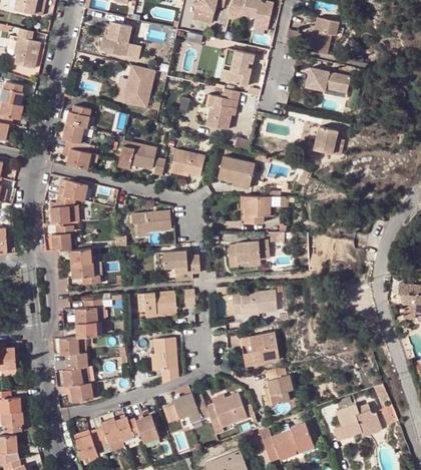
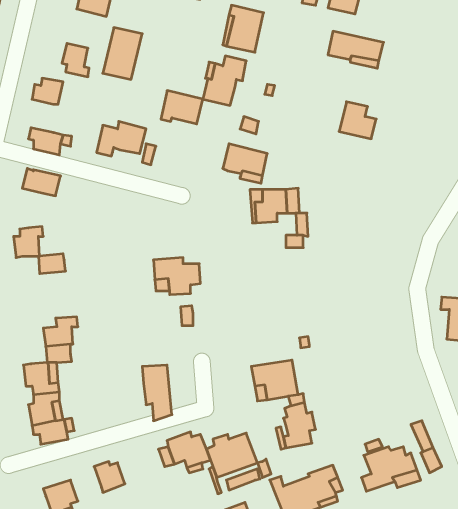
building: [61,123,83,150] -> [62,43,89,77]
building: [171,150,205,177] -> [161,91,203,124]
building: [49,195,74,224] -> none
building: [131,212,170,237] -> none
building: [229,242,271,269] -> none
building: [71,263,100,282] -> none
building: [144,292,177,316] -> none
building: [233,292,278,316] -> none
building: [134,414,160,443] -> none
building: [96,418,121,449] -> none

